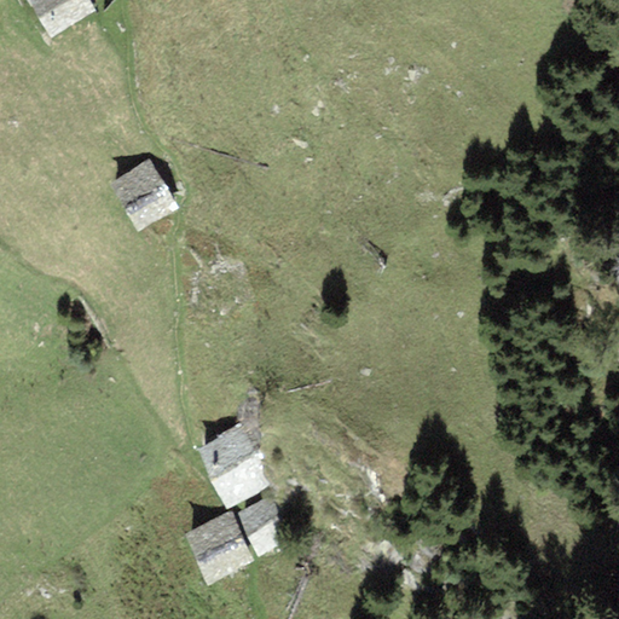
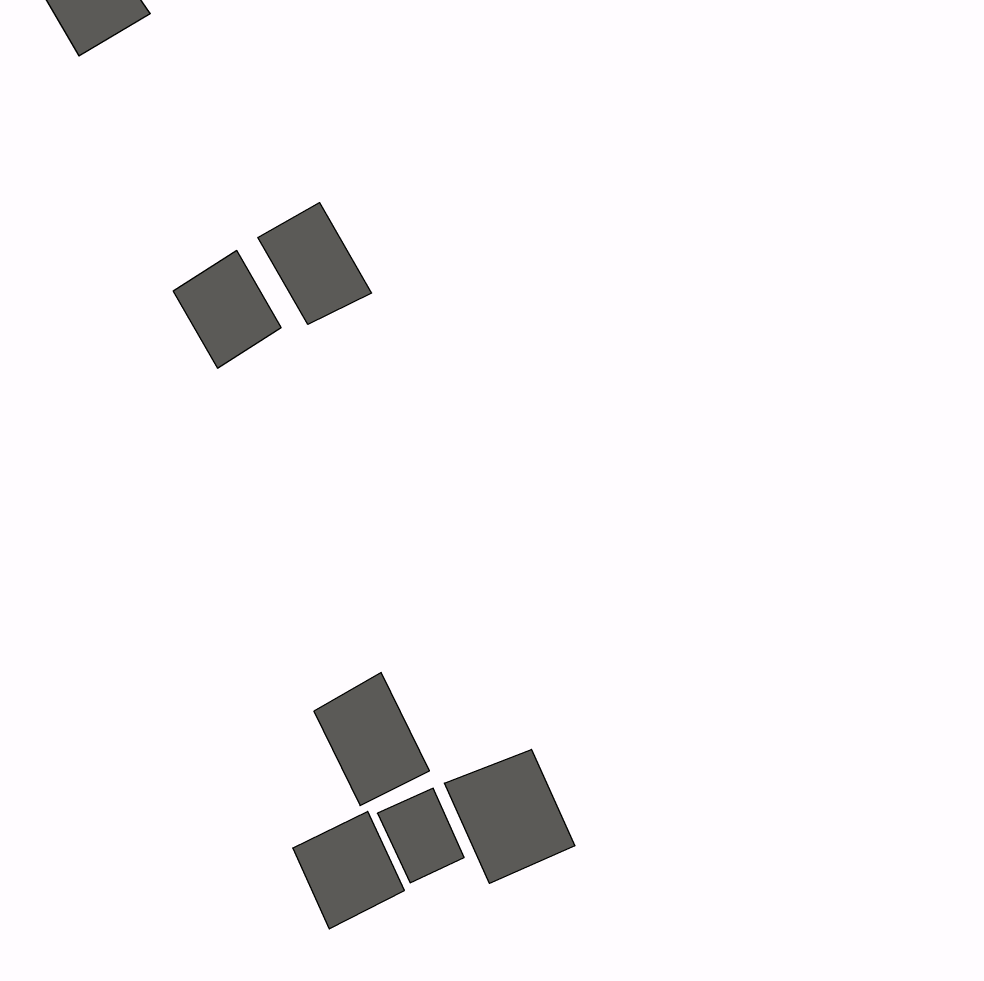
building: none -> [258,203,372,324]
building: none -> [444,749,575,883]

